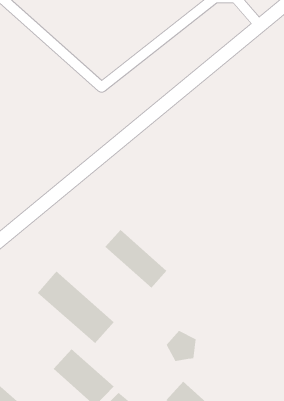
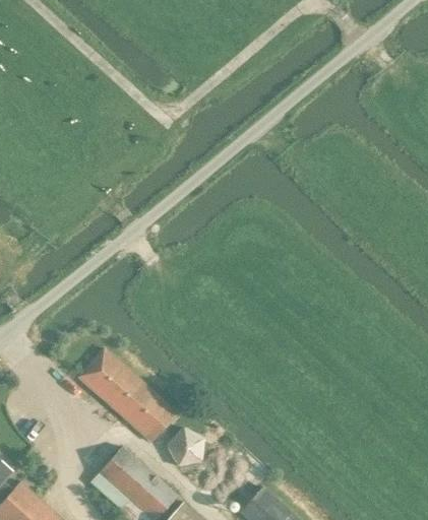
building: [104,229,167,288] -> none
building: [166,330,197,362] -> [166,427,204,466]

